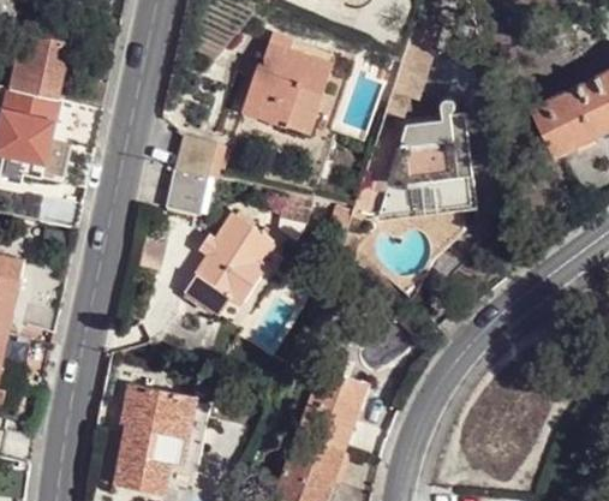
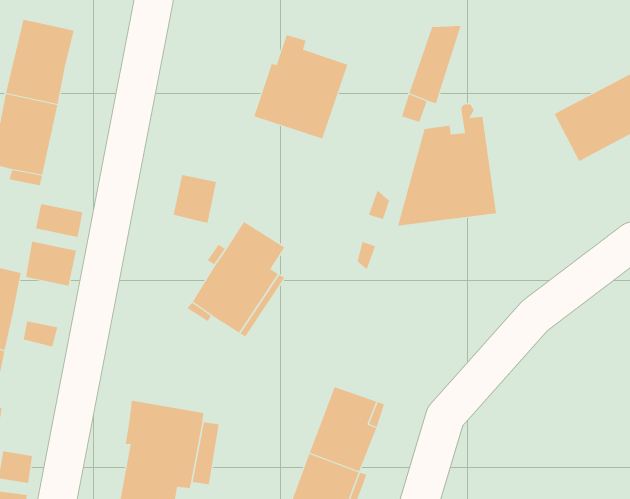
building: [174,137,215,175] -> none
building: none -> [26,241,76,286]

